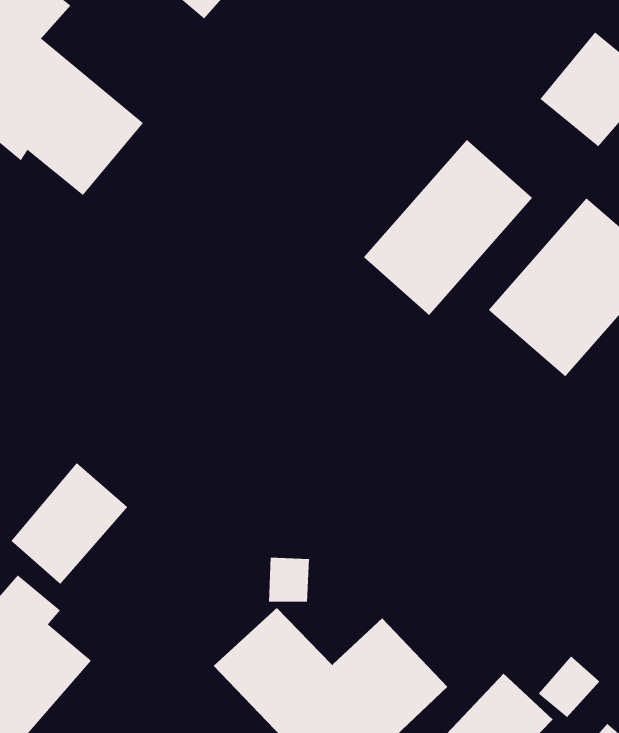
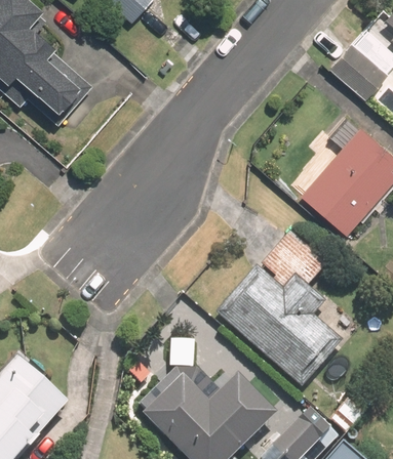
building: [363,139,533,316] -> none
building: none -> [218,233,341,389]
building: [10,462,128,585] -> none

